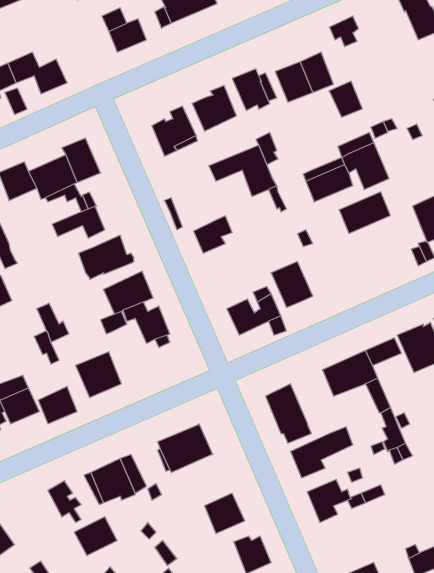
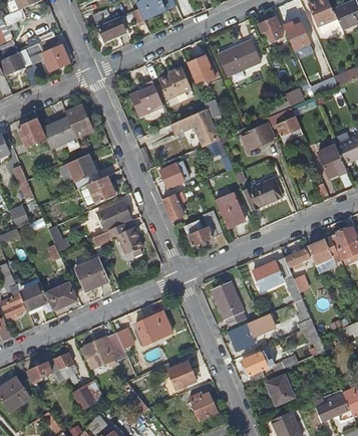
building: [329,81,362,117] -> [284,21,308,47]
building: [339,192,390,233] -> [243,179,280,209]
building: none -> [162,191,184,220]
building: none -> [28,360,64,383]
building: none -> [266,375,293,404]

